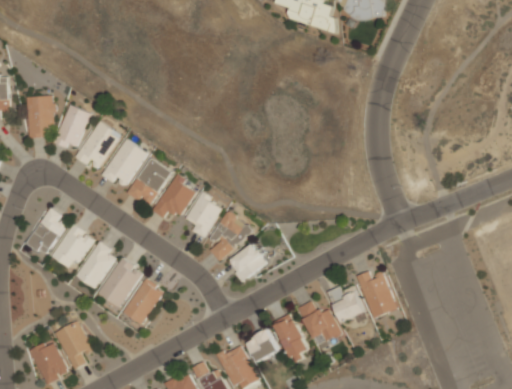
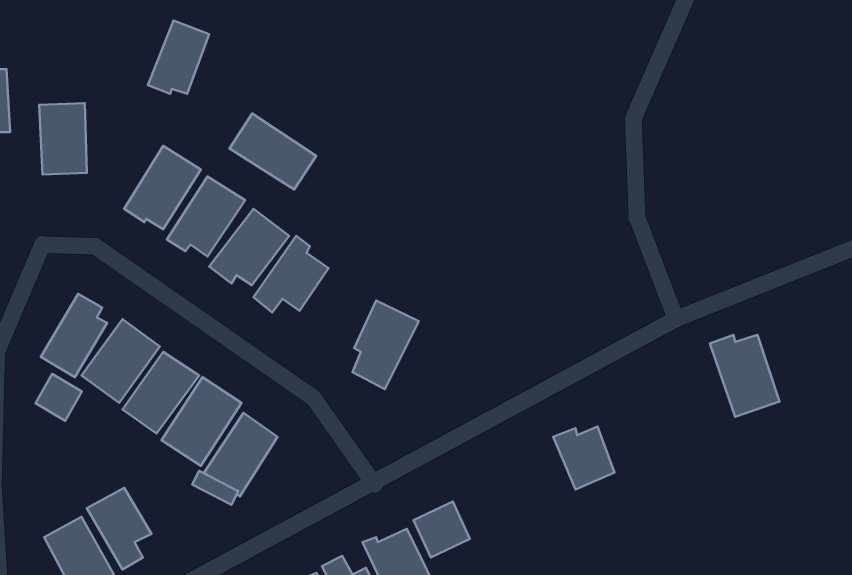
building: none -> [229,113,316,189]
building: [53,104,89,147] -> [148,21,209,94]
building: [184,193,222,237] -> none
building: [227,243,266,281] -> none
building: none -> [35,374,82,421]
building: [356,270,397,318] -> [710,335,779,417]
building: [297,300,343,350] -> none
building: [273,312,308,363] -> none

